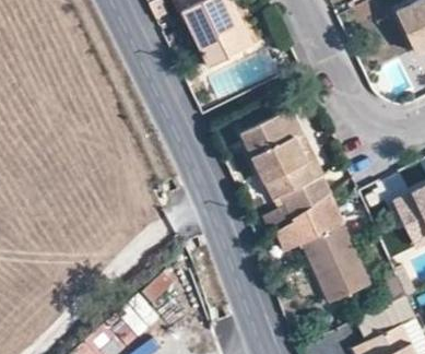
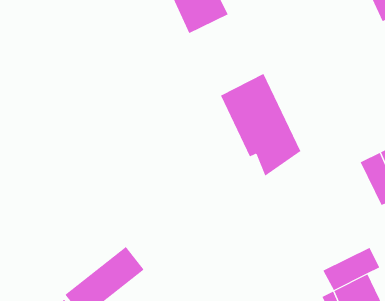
building: [275,211,368,300] -> none

